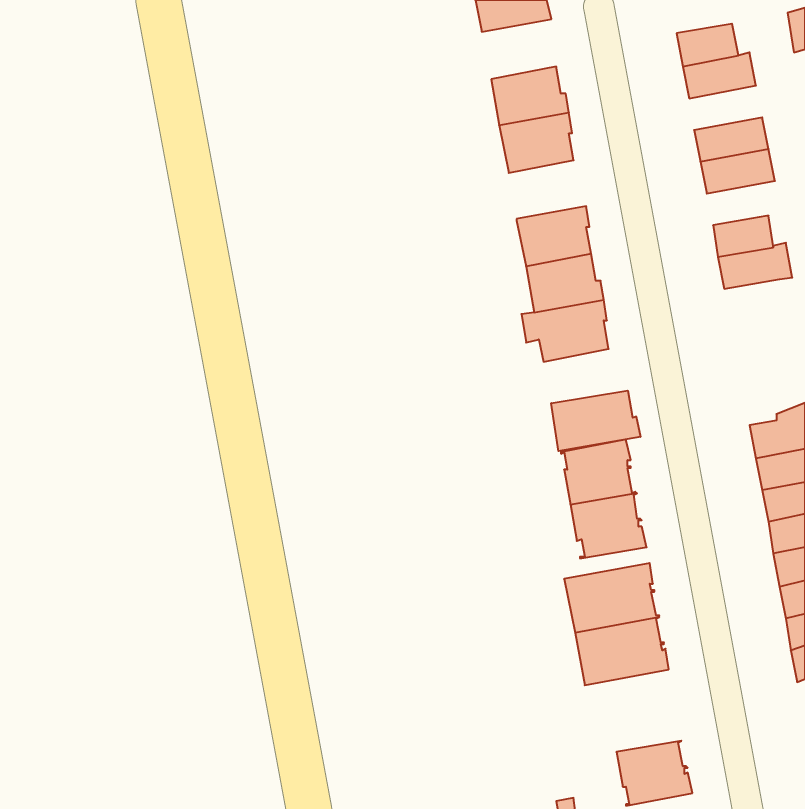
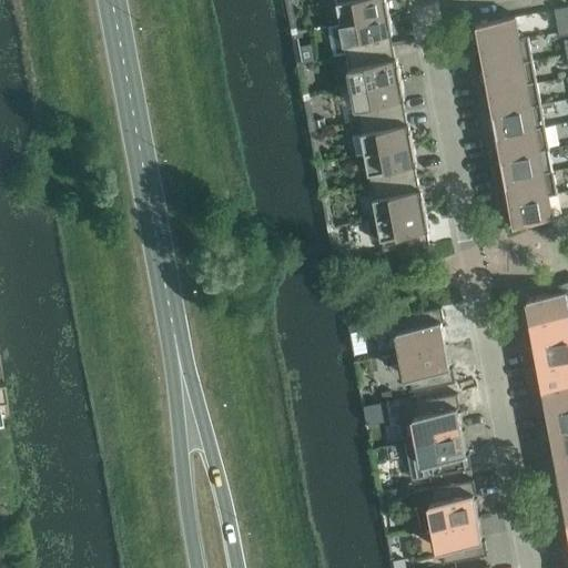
building: none -> [337,14,389,57]
building: none -> [483,61,534,92]
building: none -> [349,113,410,158]
building: none -> [495,128,546,159]
building: none -> [507,196,550,230]
building: [551,391,640,451] -> none
building: none -> [412,481,477,530]

